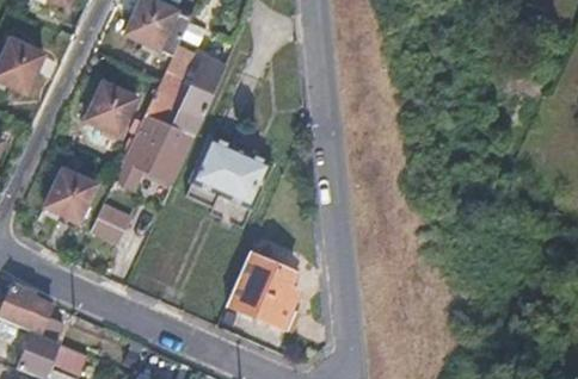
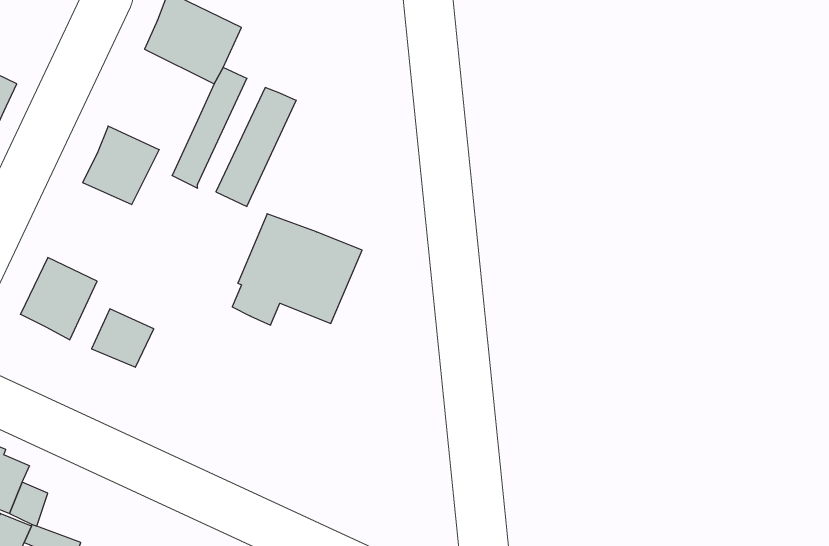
building: [115,114,193,186] -> none
building: [226,253,296,330] -> none

